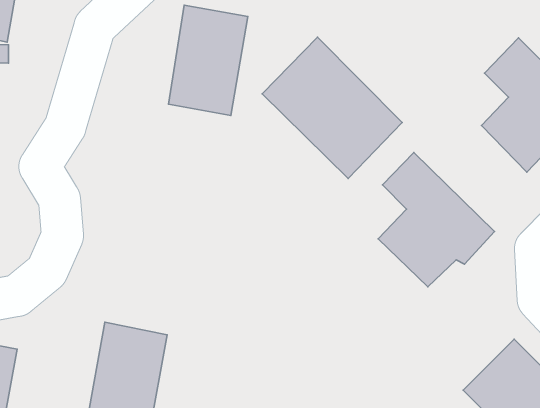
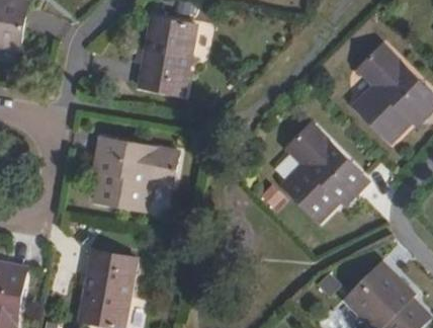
building: [262,37,402,178] -> none
building: none -> [96,138,179,211]

